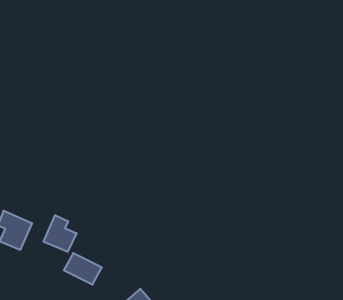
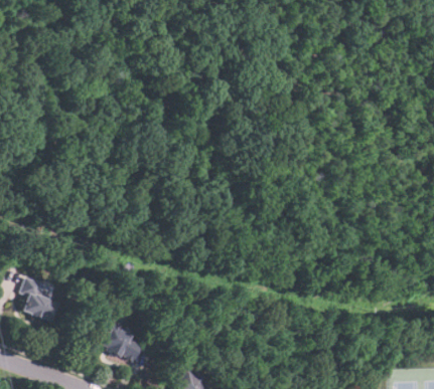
building: [44,215,77,252] -> none

